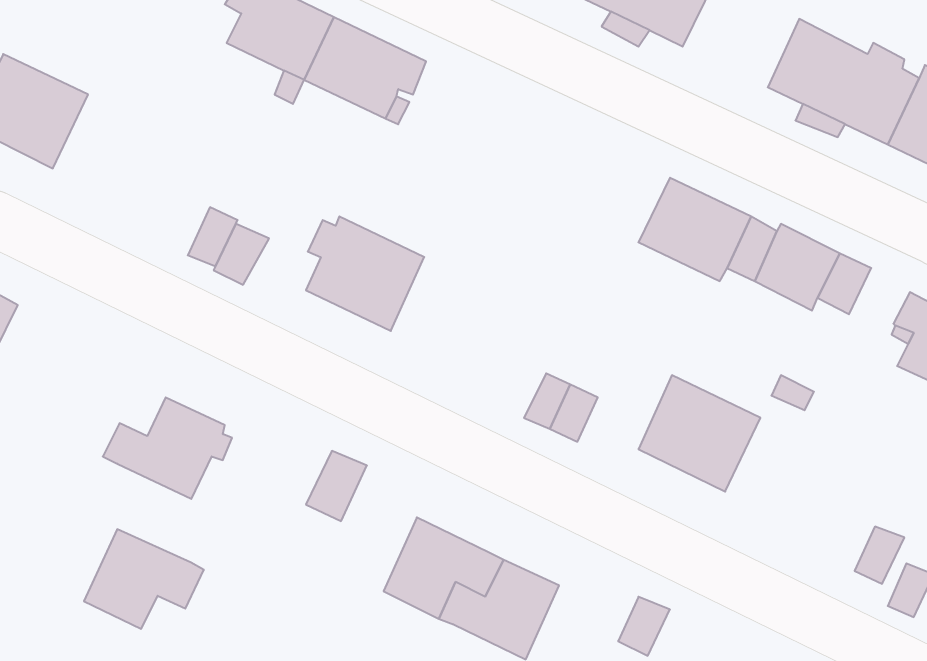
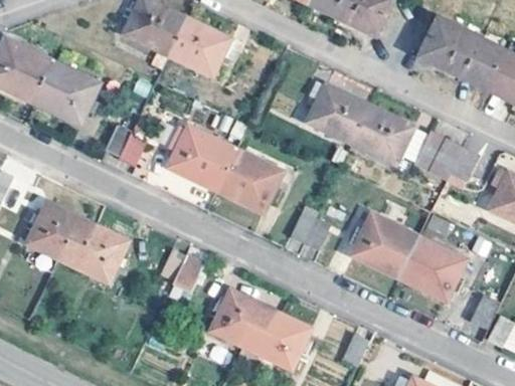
building: none -> [32,60,98,124]
building: none -> [309,81,368,141]
building: none -> [216,149,282,210]
building: none -> [398,236,473,299]
building: [84,529,204,629] -> [28,203,94,257]

